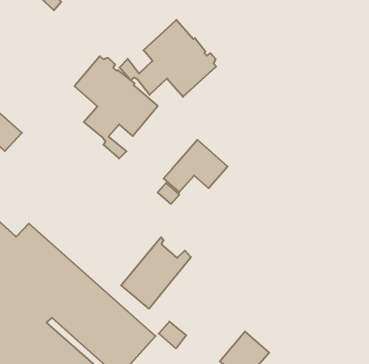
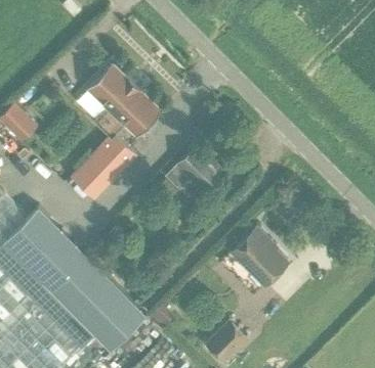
building: [119,20,216,97] -> none
building: none -> [231,232,287,288]
building: [121,237,191,309] -> [72,138,136,201]

